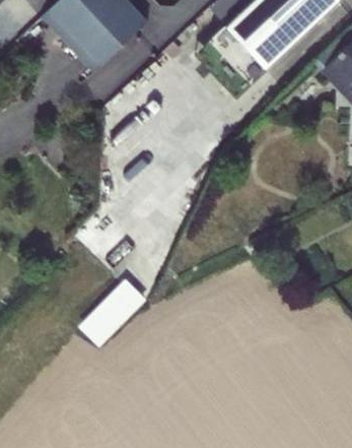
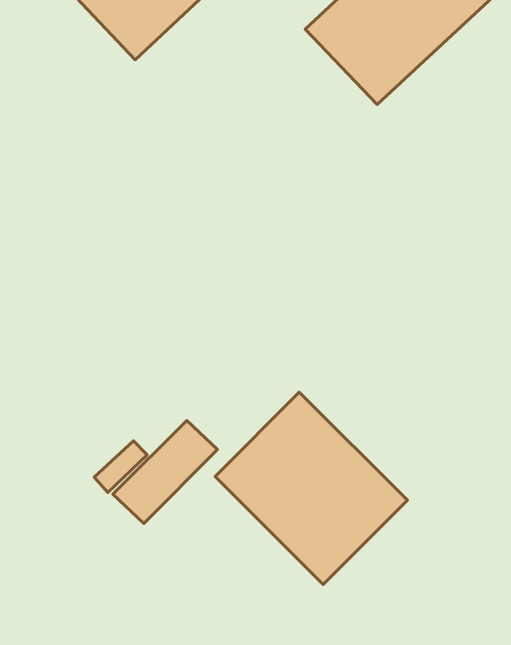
building: none -> [215,392,407,585]

